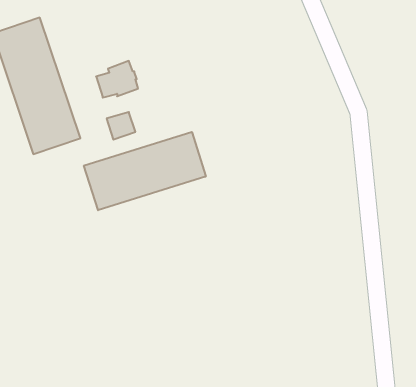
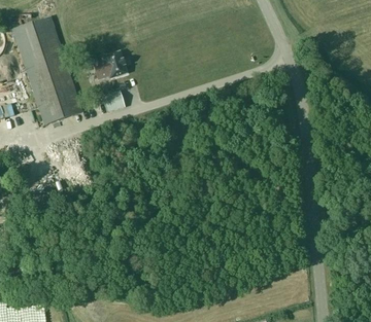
building: [84,132,206,210] -> none

